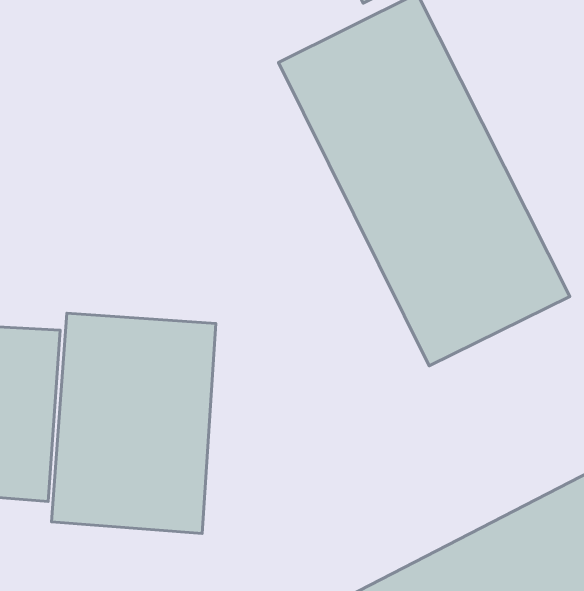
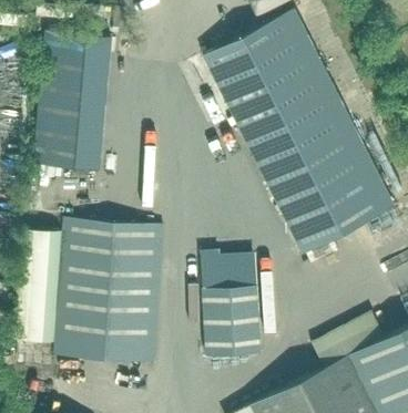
building: none -> [32,33,110,168]
building: none -> [201,252,261,355]

